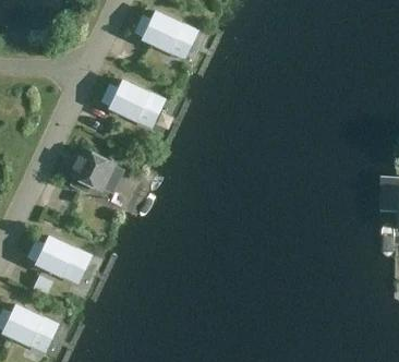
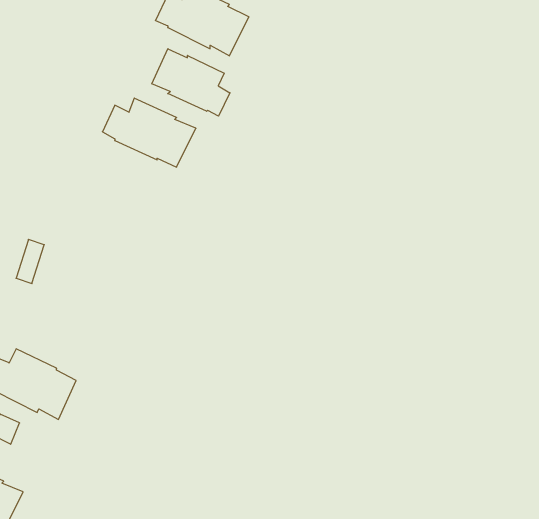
building: none -> [152,49,230,116]
building: [70,150,112,194] -> none

